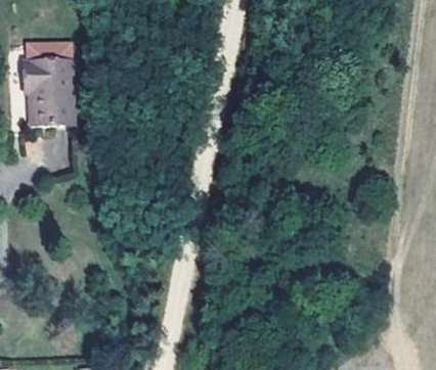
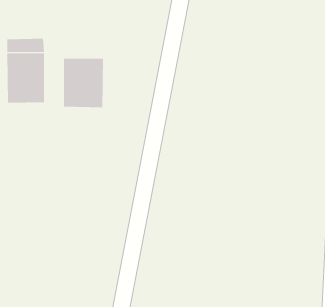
building: none -> [64,58,104,108]

